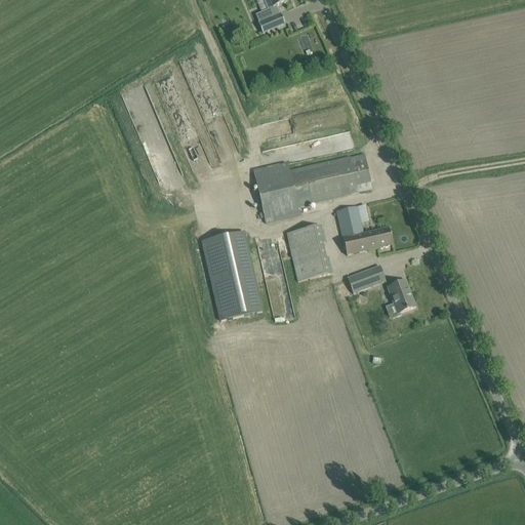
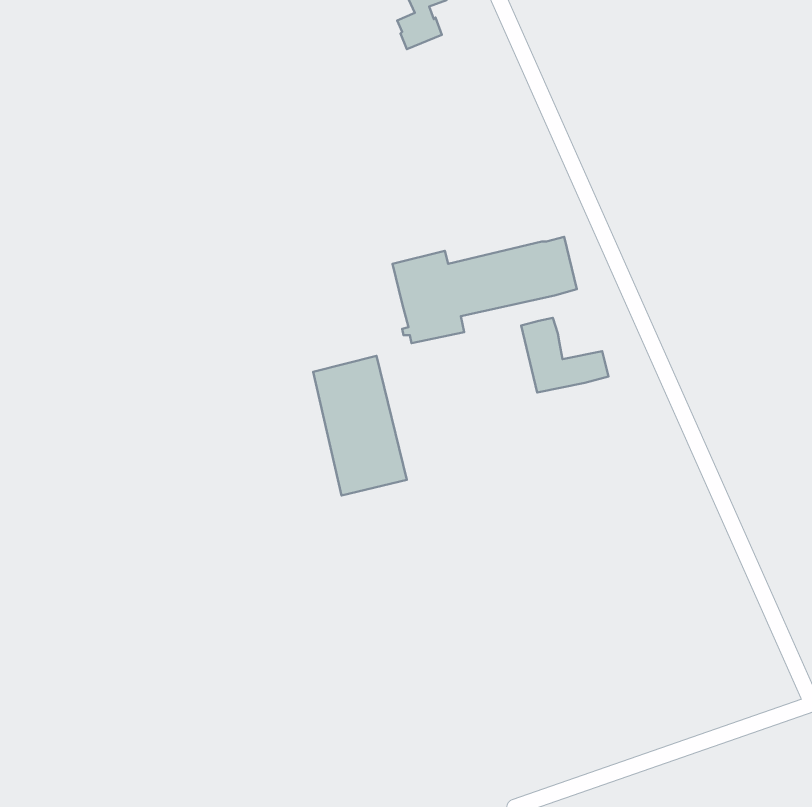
building: [287,225,332,280] -> none
building: [348,268,376,292] -> none
building: [388,280,416,313] -> none

